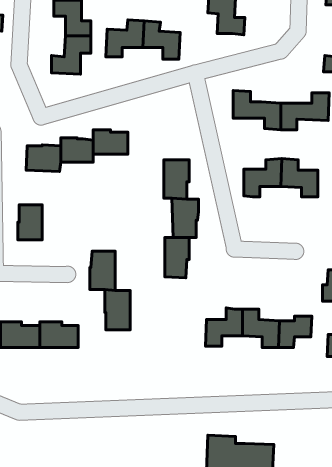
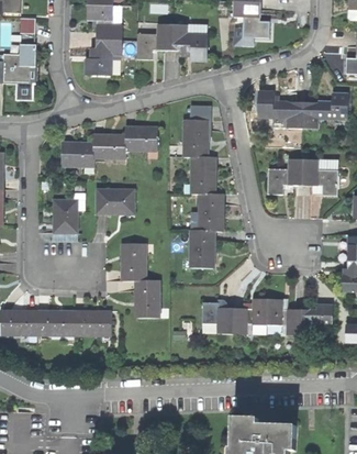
building: none -> [183,119,207,156]
building: none -> [93,188,131,212]
building: none -> [200,301,232,333]

